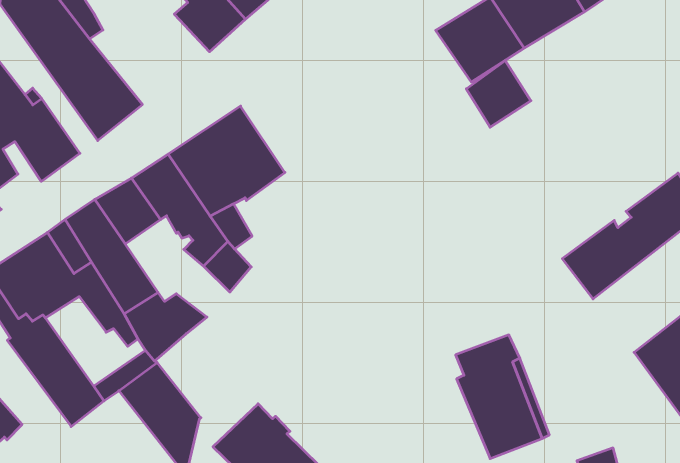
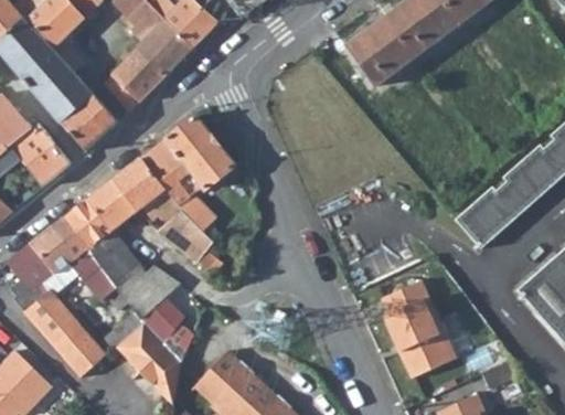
building: none -> [105,47,168,113]
building: [466,60,531,127] -> none
building: none -> [142,298,194,363]

